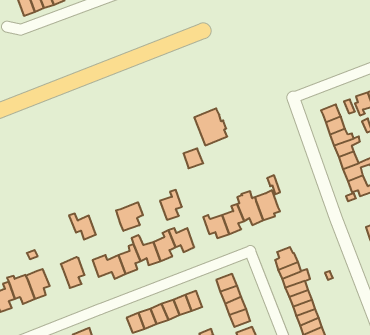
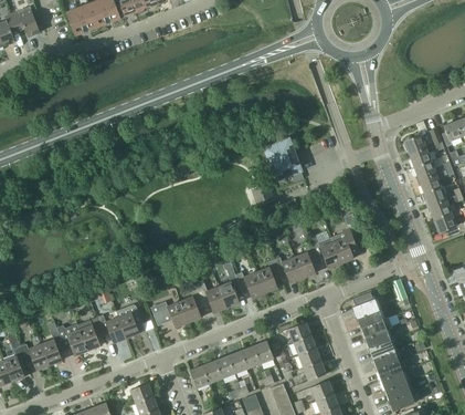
building: [160,190,182,220] -> [256,259,281,292]
building: [116,202,143,231] -> none
building: [69,214,96,240] -> [96,314,126,343]

